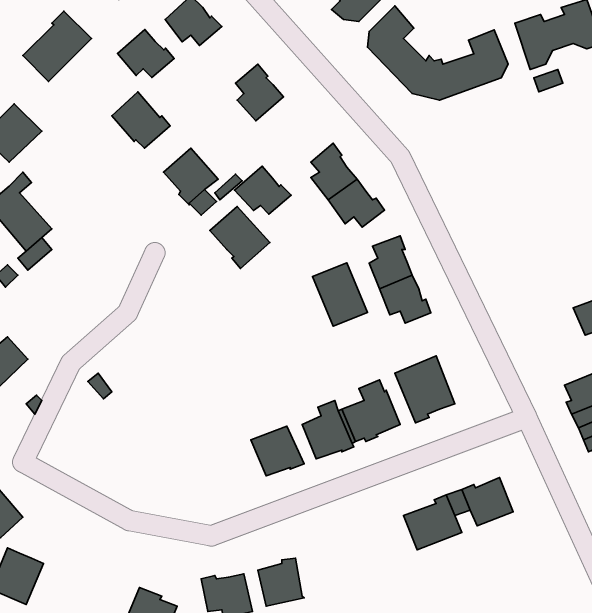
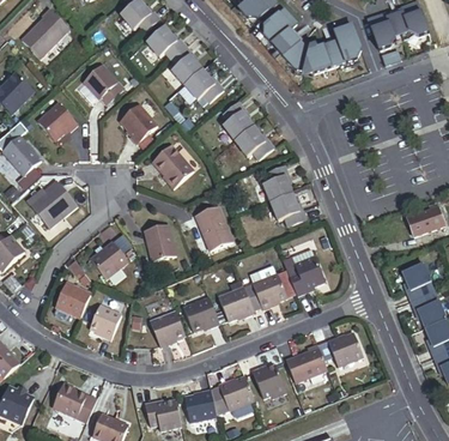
building: [117,29,174,77] -> [146,25,186,59]
building: none -> [38,103,78,141]
building: [235,166,291,214] -> [184,68,224,102]
building: none -> [28,181,77,229]
building: [313,263,367,326] -> [195,206,233,250]
building: none -> [145,224,176,261]
building: none -> [90,242,128,279]
building: none -> [54,282,90,318]
building: none -> [90,304,121,340]
building: none -> [148,312,183,348]
building: none -> [254,367,287,399]
building: none -> [213,377,255,416]
building: none -> [55,381,98,421]

